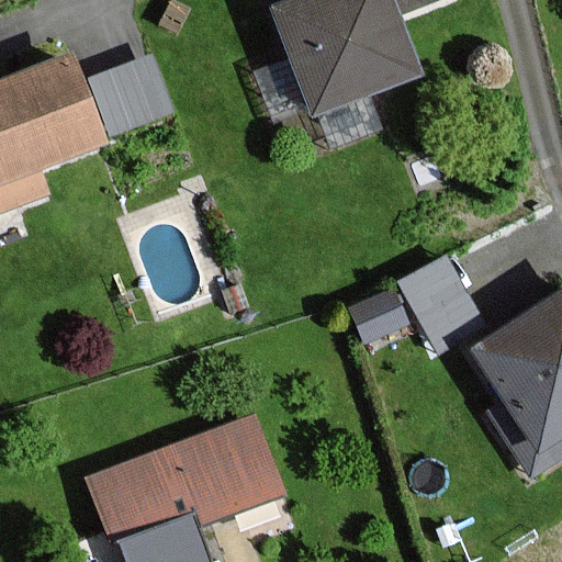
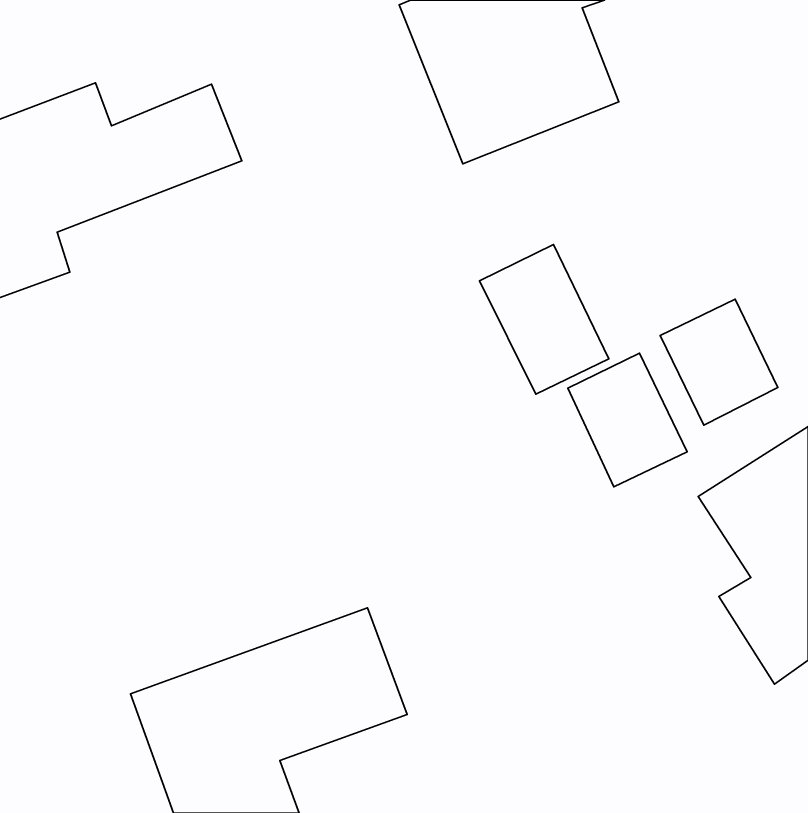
building: none -> [479,245,609,394]
building: none -> [660,299,778,425]

